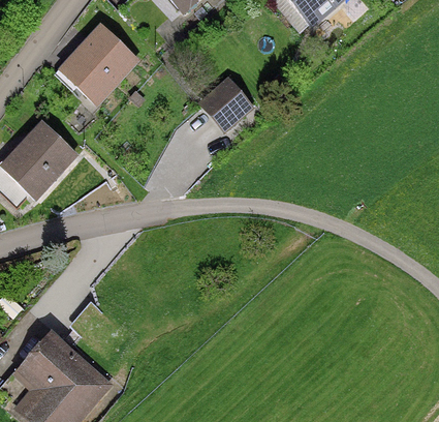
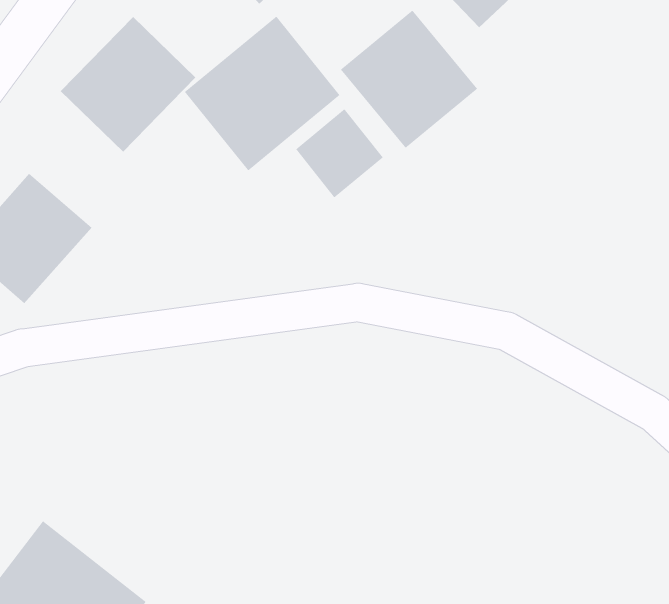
building: none -> [340,9,478,149]
building: none -> [184,15,341,171]

